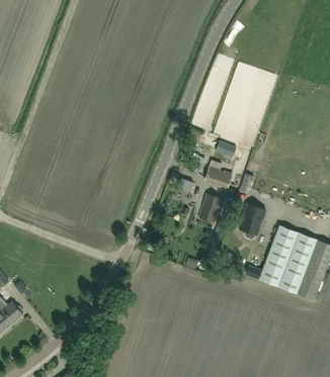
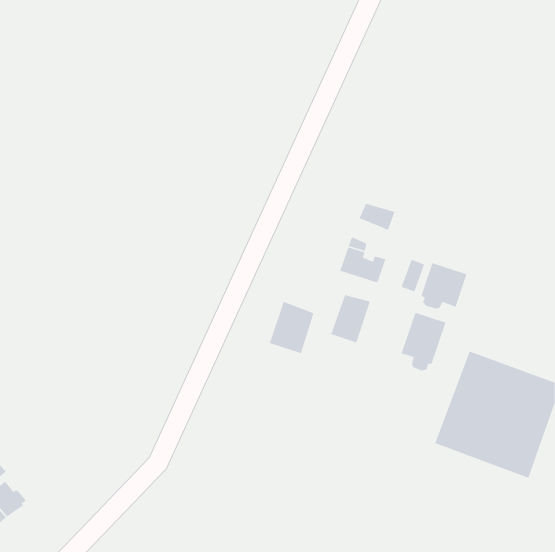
building: none -> [420,262,468,309]
building: none -> [269,301,314,354]

